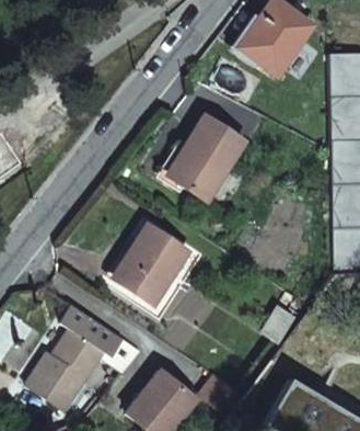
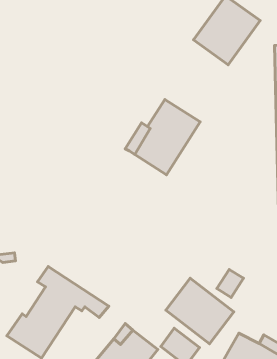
building: [114,224,191,305] -> none
building: none -> [166,278,234,344]

